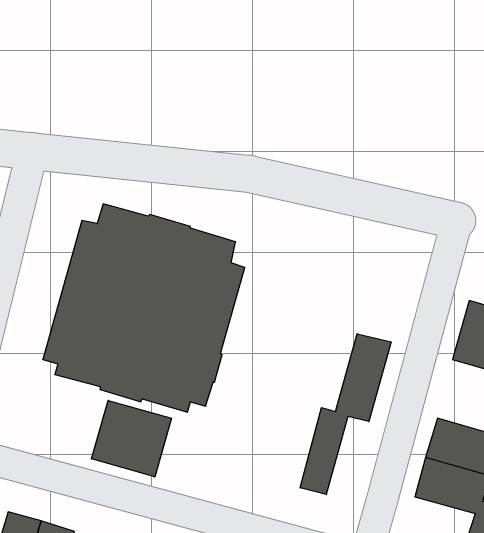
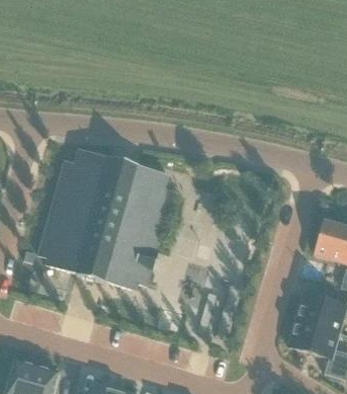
building: [300,334,391,495] -> none
building: [91,400,172,477] -> none

